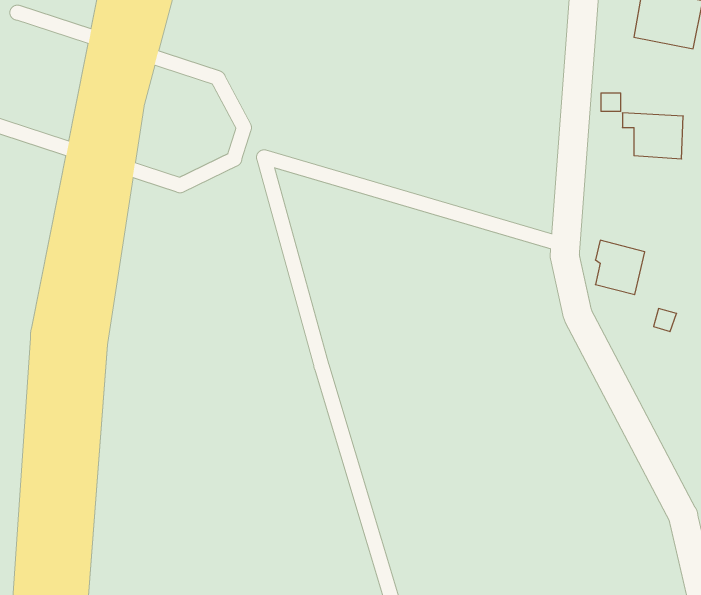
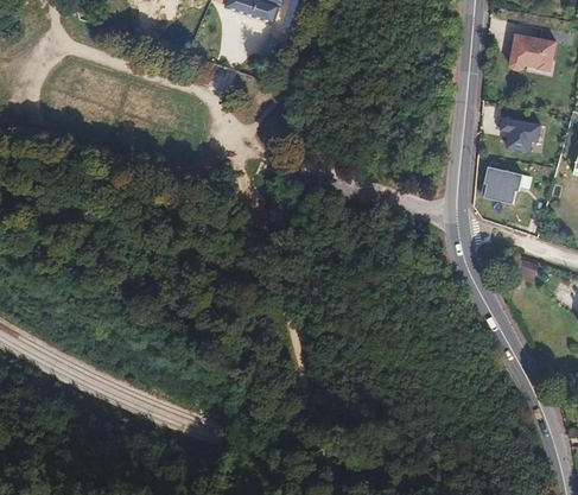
building: [595,240,645,295] -> [484,164,520,203]

